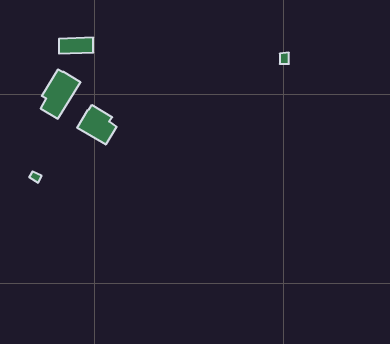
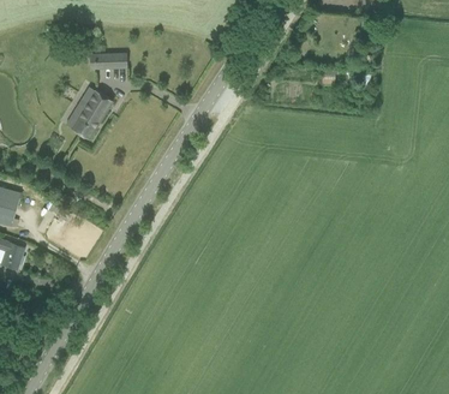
building: [77,105,117,145] -> none

